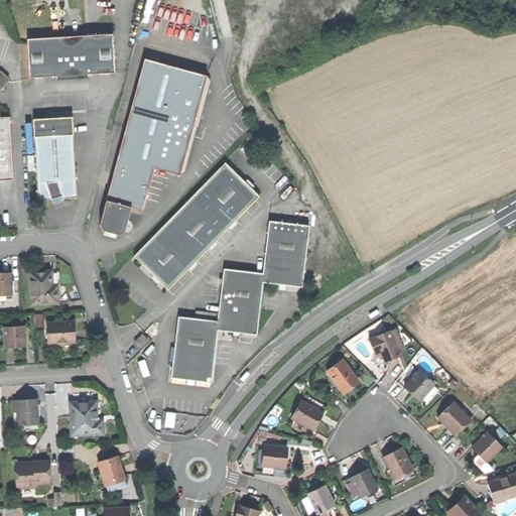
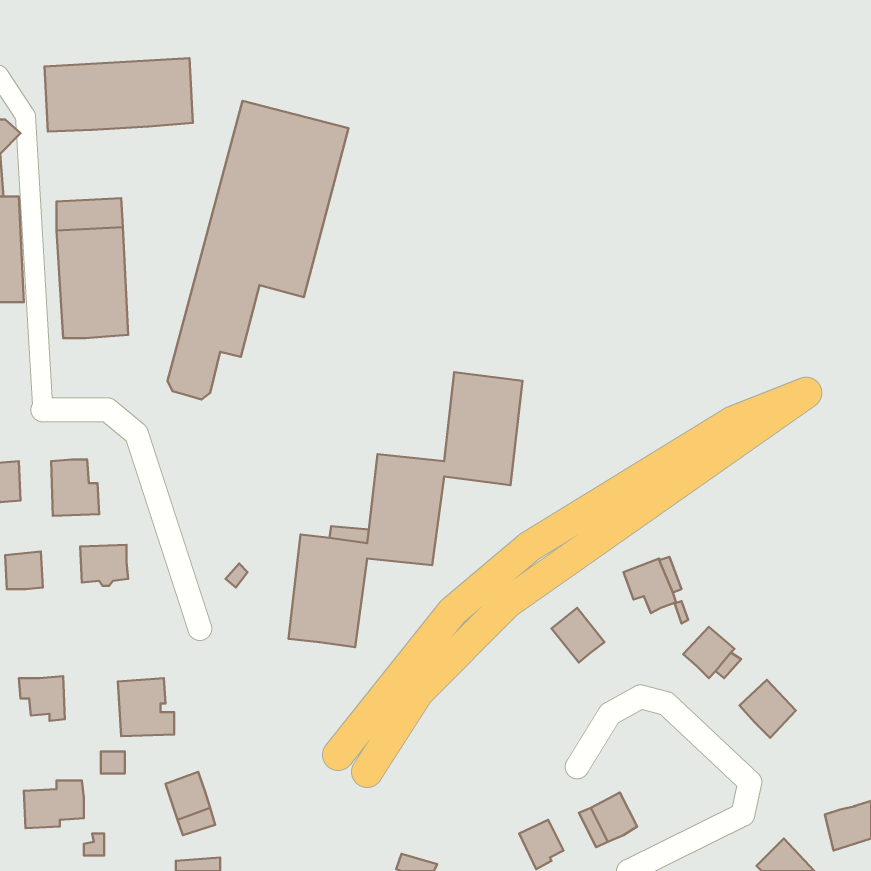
building: [133,161,259,289] -> none
building: [290,399,322,429] -> none
building: [471,431,500,466] -> none
building: [261,444,286,467] -> none
building: [382,447,411,478] -> none

